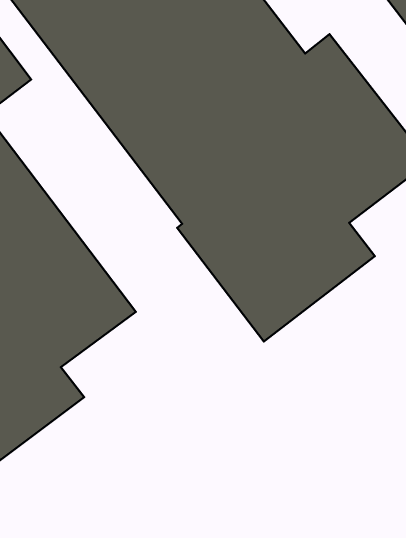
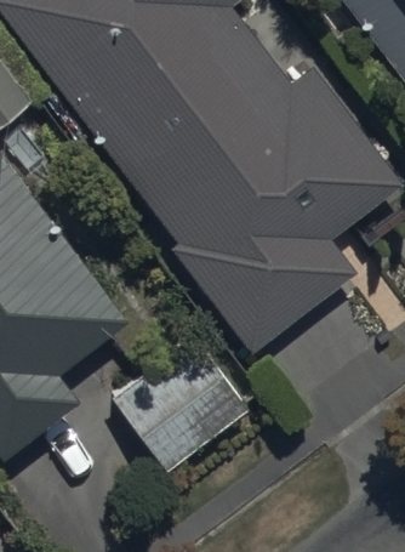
building: none -> [112,336,250,471]

